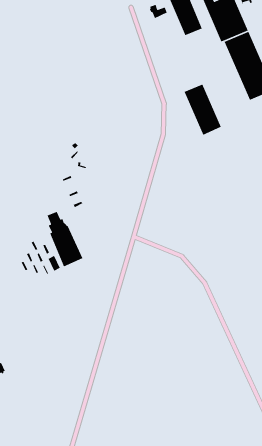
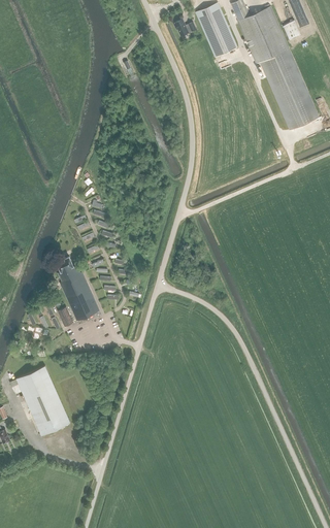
building: [183,84,222,136] -> none
building: none -> [18,366,71,436]

